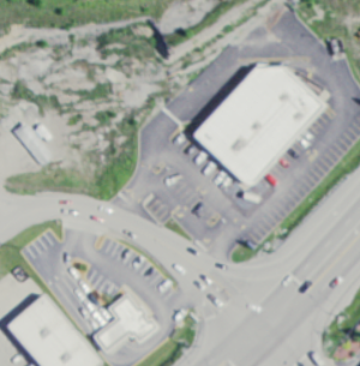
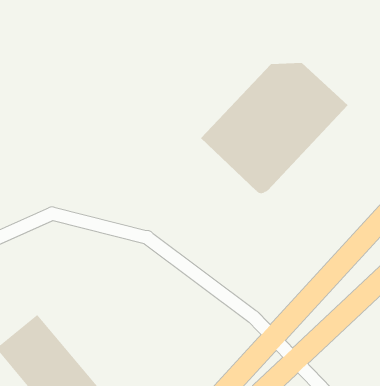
building: [96,295,156,352] -> none

